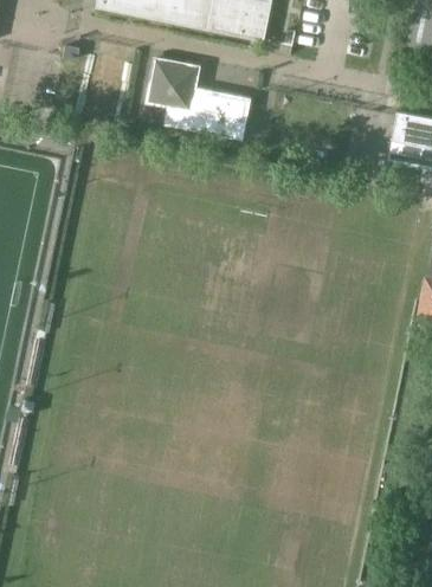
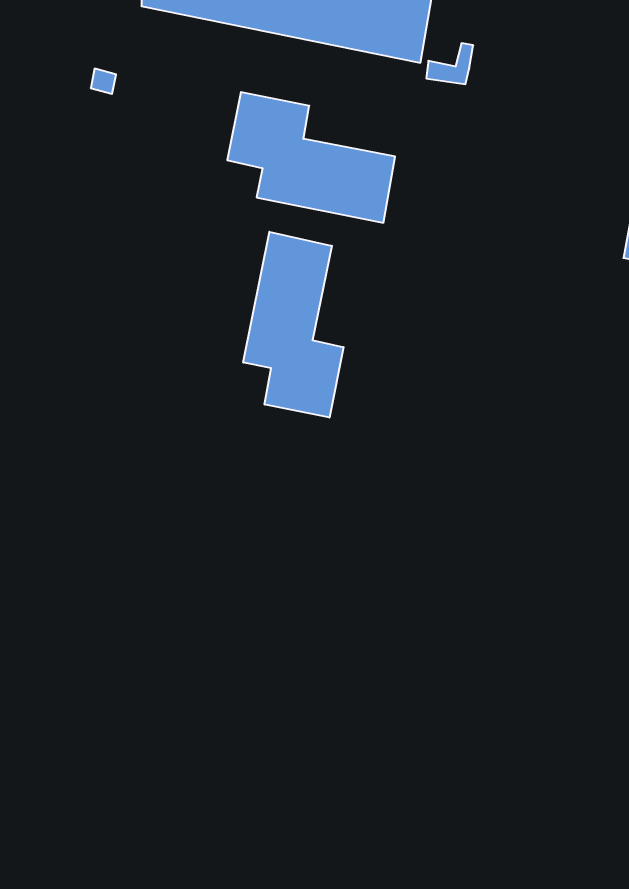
building: none -> [243,232,344,418]

